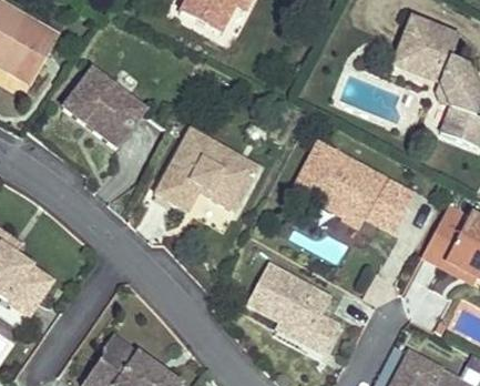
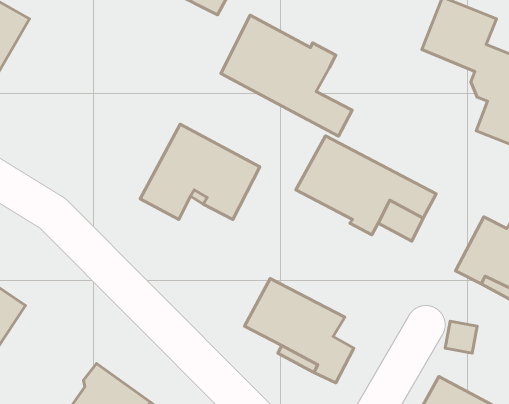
building: none -> [221,15,352,136]
building: [64,69,147,149] -> none

